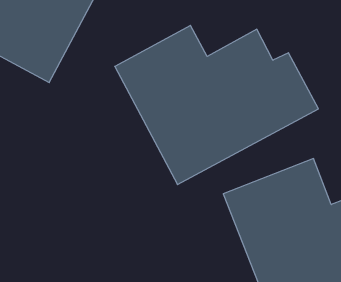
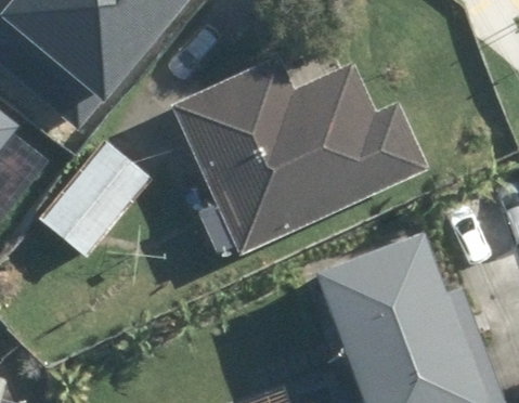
building: none -> [40,127,163,259]

